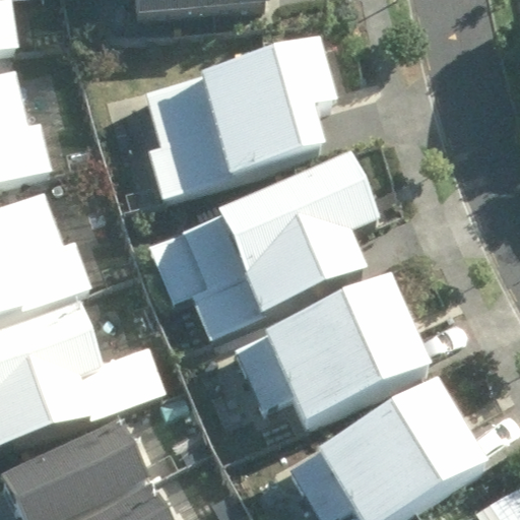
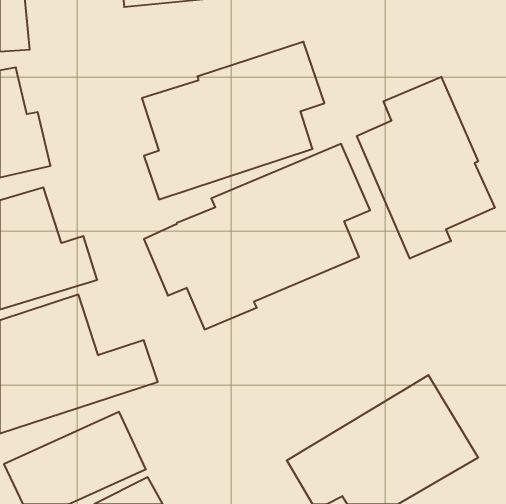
building: none -> [357,77,495,259]
building: [238,280,434,427] -> none

